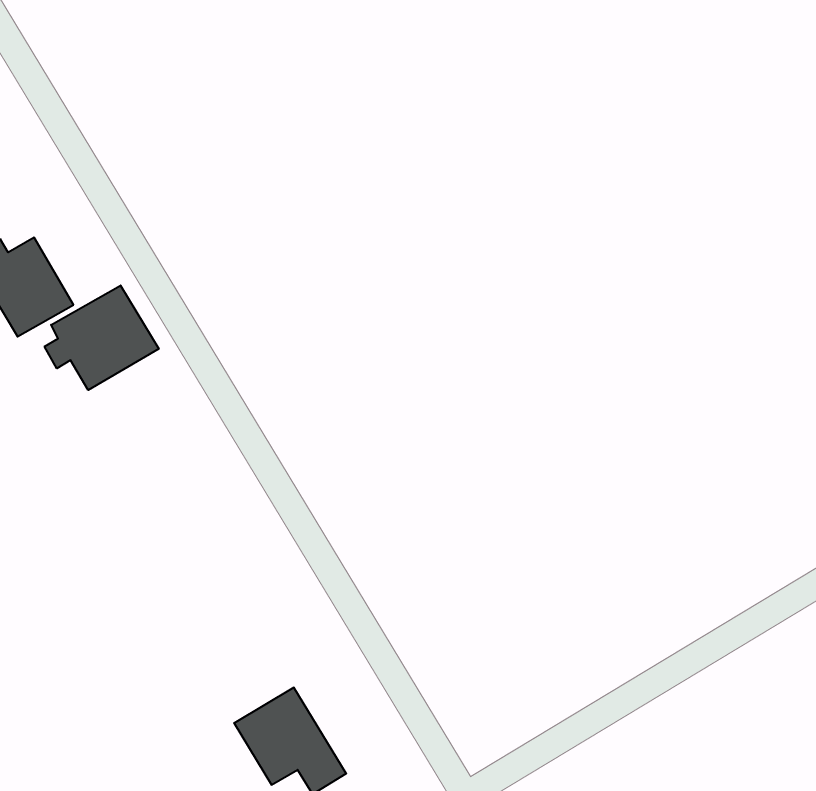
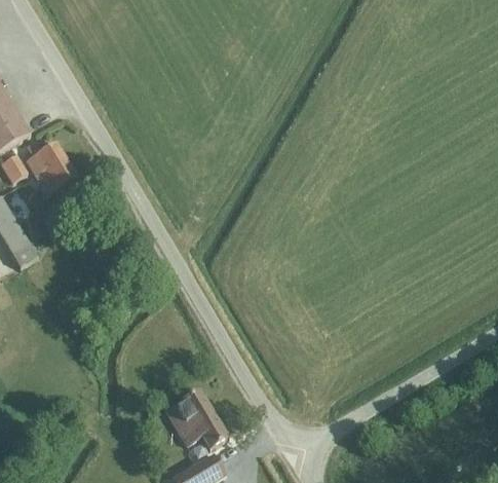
building: [45,285,159,390] -> none

